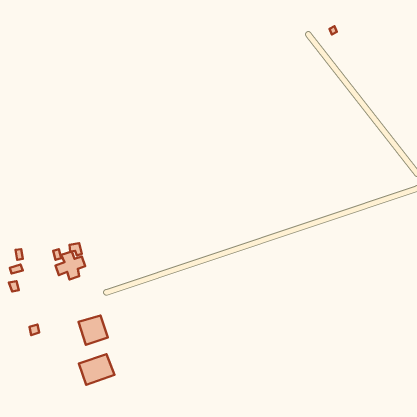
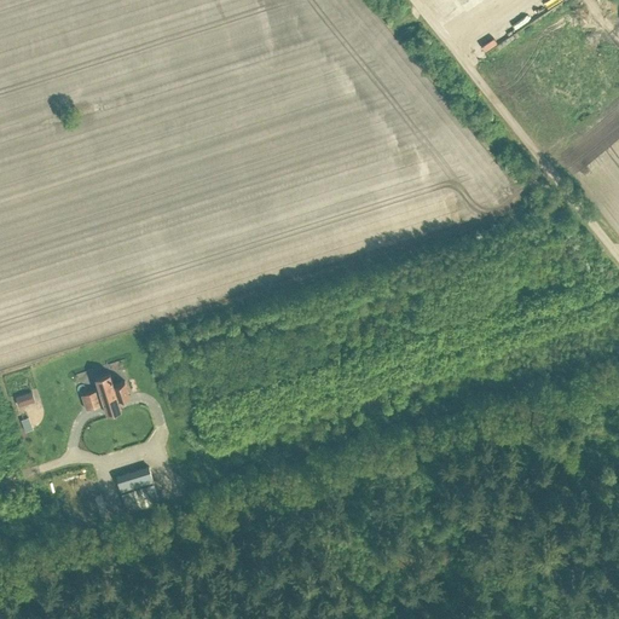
building: [79,354,115,385] -> none

